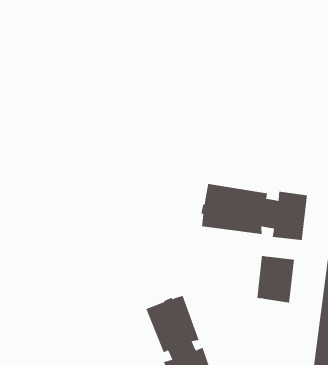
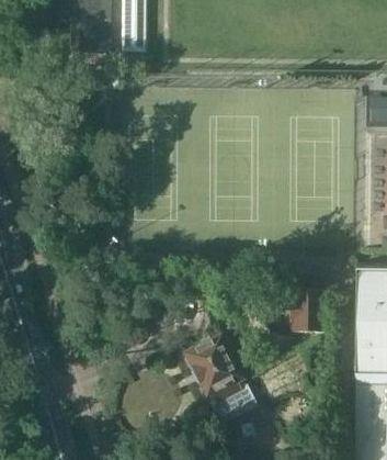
building: [201,183,307,241] -> none

